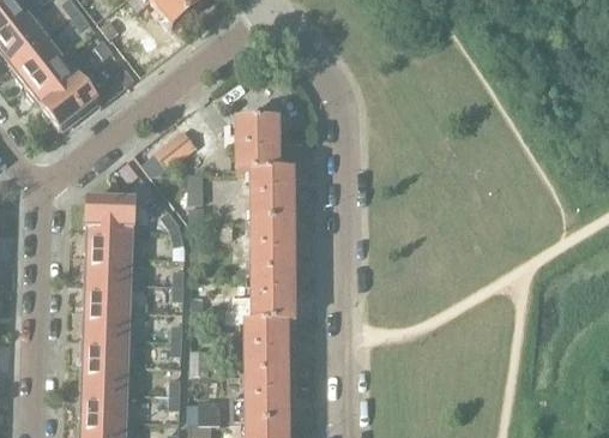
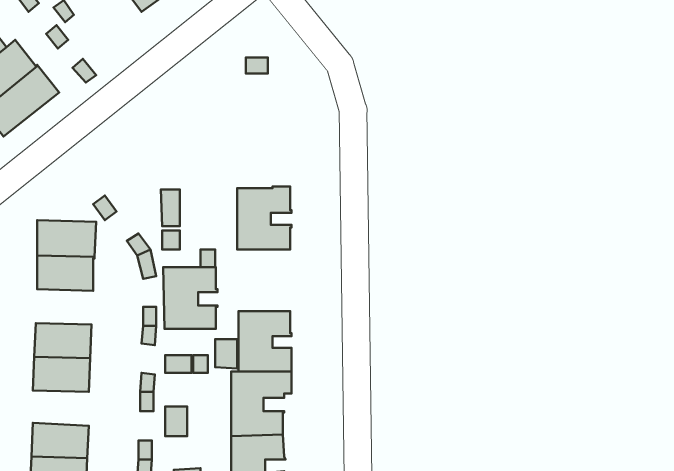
building: [236,119,281,170] -> none
building: [155,128,194,166] -> none
building: [251,221,295,271] -> [163,267,217,329]
building: [86,253,133,282] -> none
building: [84,336,129,365] -> none

